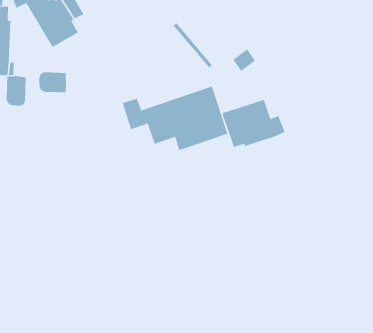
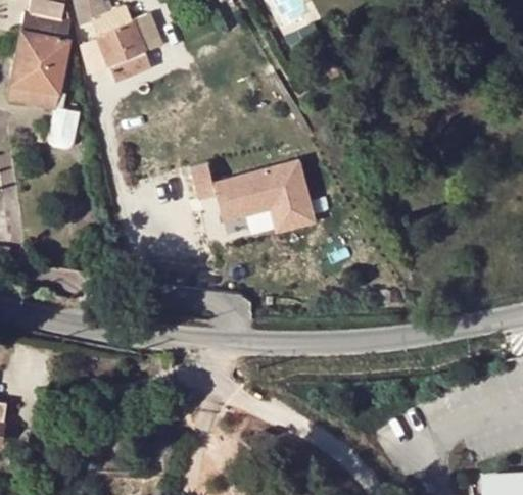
building: [39,71,66,93] -> none
building: [221,99,285,148] -> none

